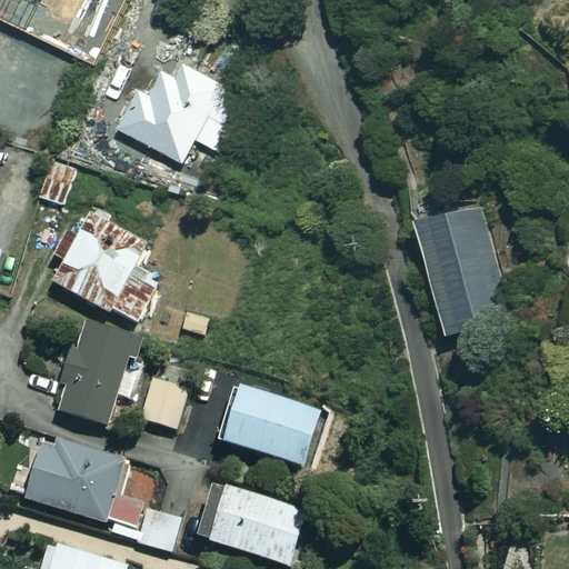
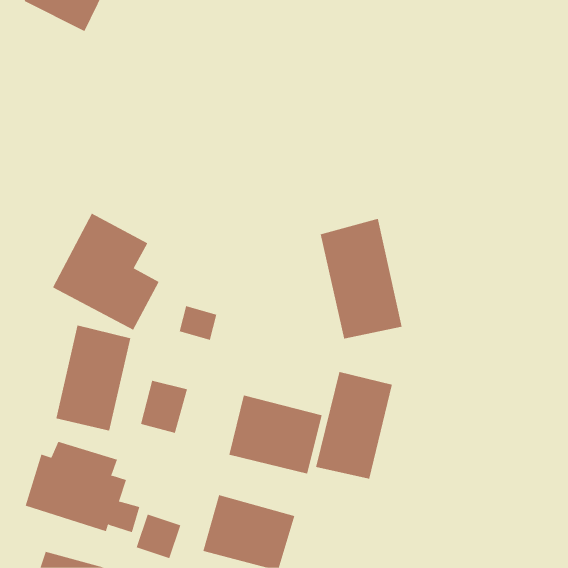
building: [119,60,241,158] -> none
building: [426,209,507,328] -> [320,218,402,339]
building: none -> [316,371,393,480]

